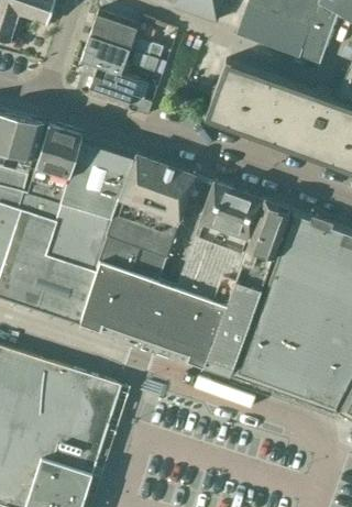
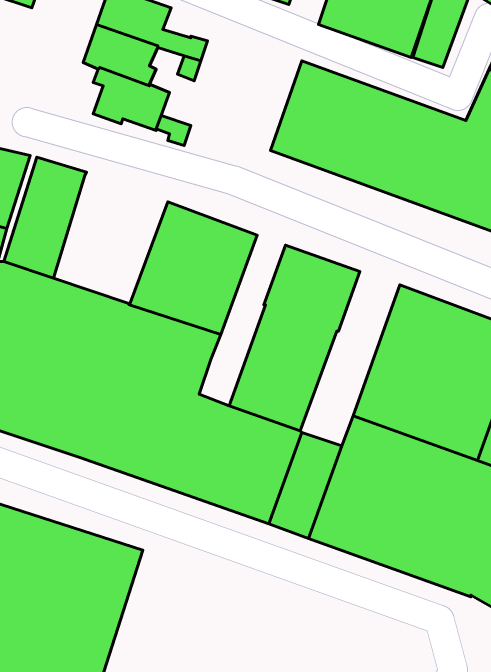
building: [60,134,135,219] -> none
building: [226,198,290,313] -> none

